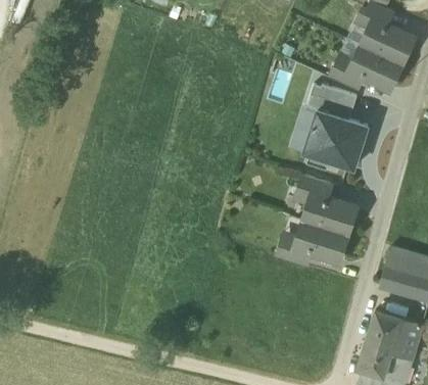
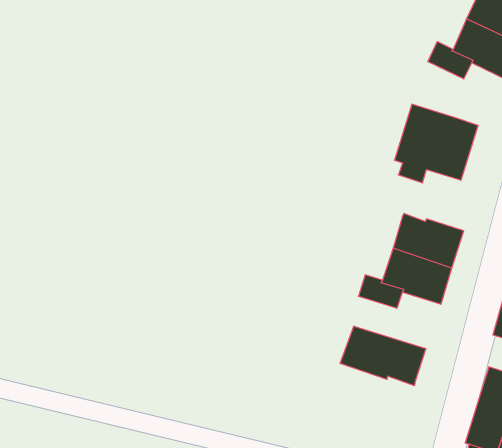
building: [305,82,356,118] -> none
building: [297,174,332,198] -> none
building: none -> [340,326,426,386]

